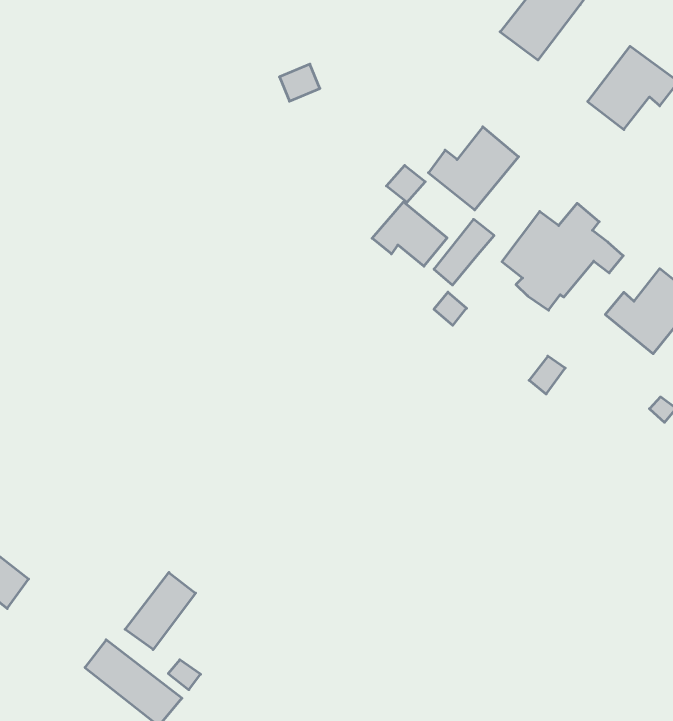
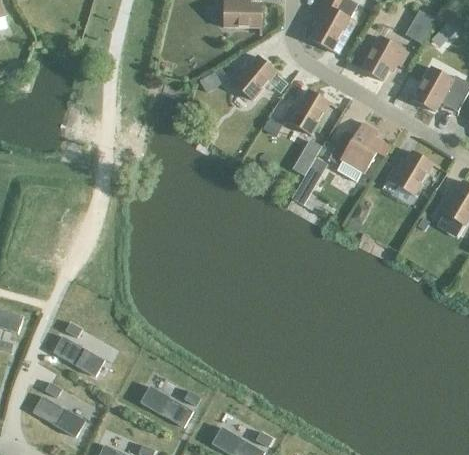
building: none -> [228,55,276,99]
building: [372,202,447,266] -> none
building: [125,572,196,650] -> none

